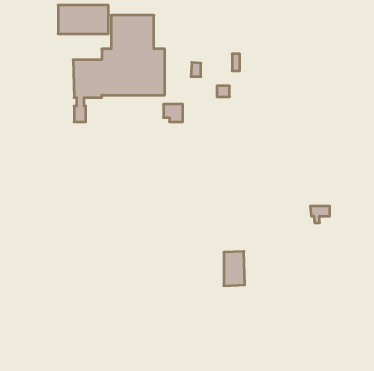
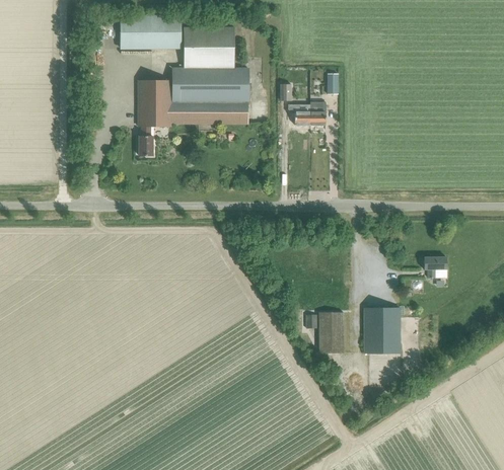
building: [163,104,183,122] -> [287,103,310,125]
building: none -> [363,307,400,353]

